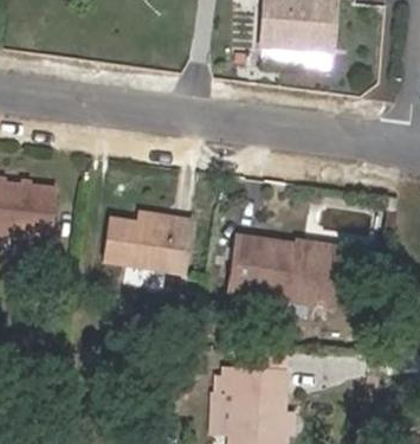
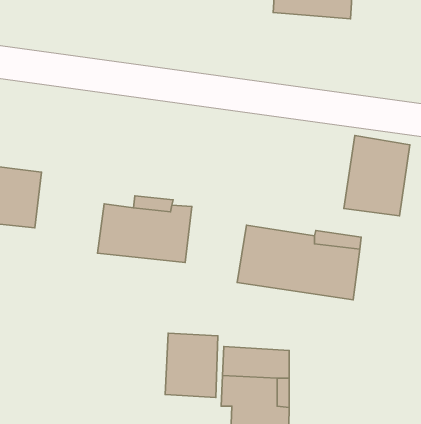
building: none -> [344,135,410,216]
building: none -> [165,333,218,398]

